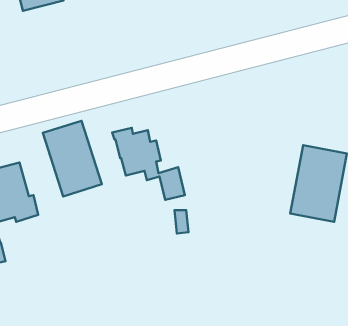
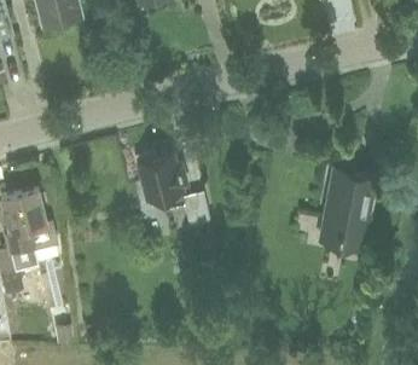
building: [43,121,102,197] -> none

